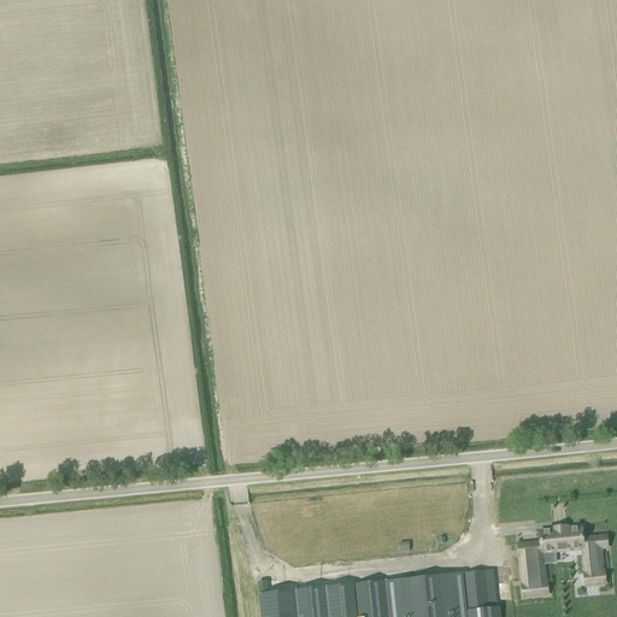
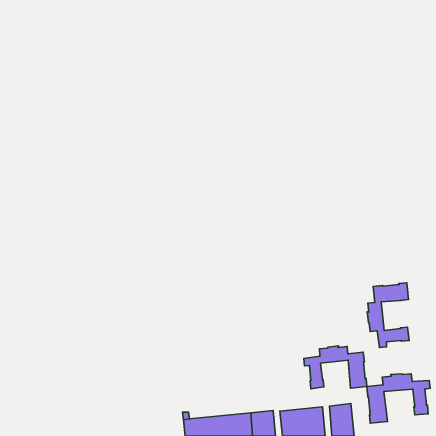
building: none -> [367,283,409,348]
building: none -> [304,346,367,389]

